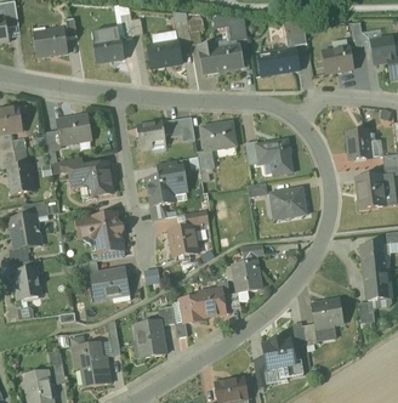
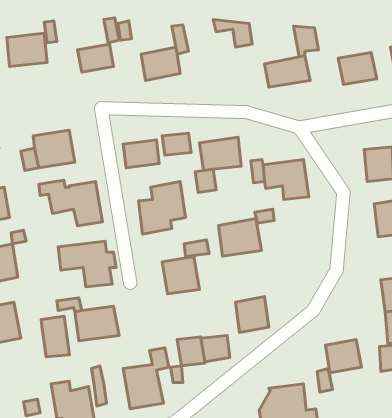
building: [199,42,243,76] -> none
building: [271,187,308,220] -> [218,219,261,256]
building: none -> [41,316,70,357]

